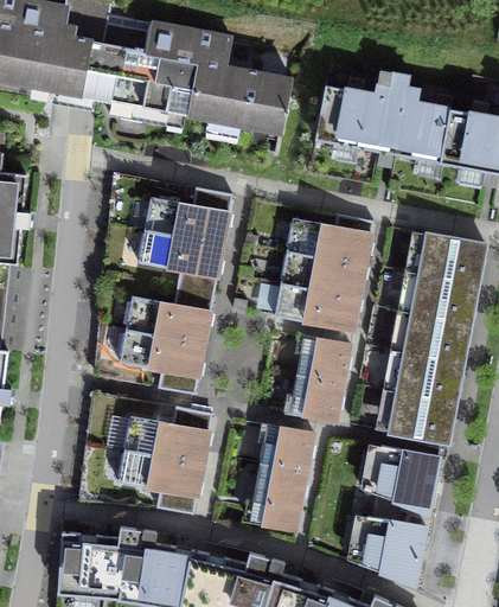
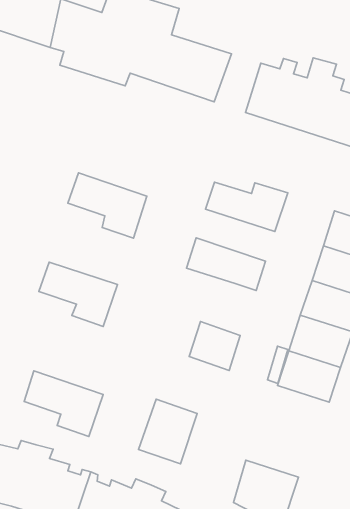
building: [145,189,232,245] -> none
building: [281,251,365,299] -> none
building: [126,286,213,345] -> none
building: [298,336,351,383] -> none
building: [124,409,212,466] -> none
building: [261,426,314,473] -> none
building: [371,446,439,515] -> none

